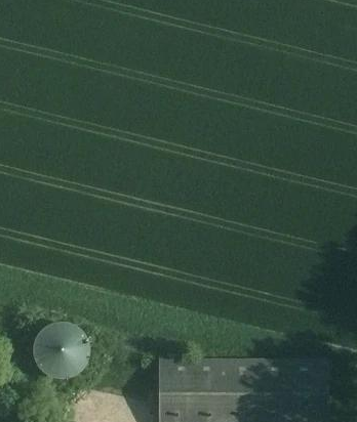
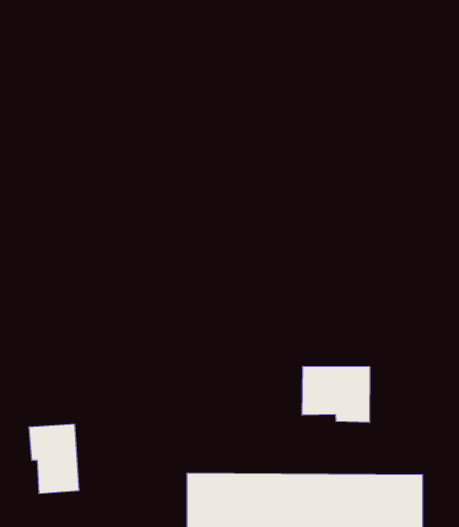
building: none -> [302,366,370,423]

